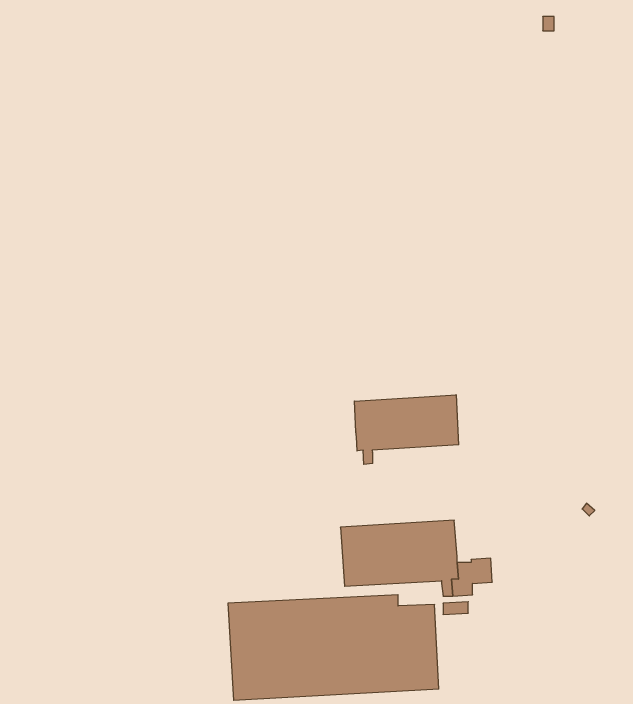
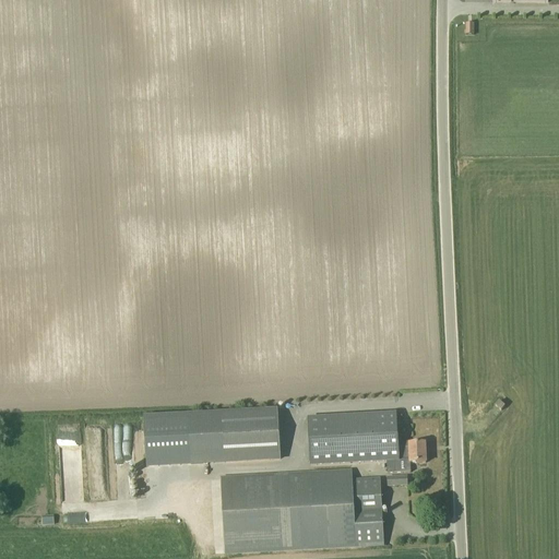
building: [354,395,459,464] -> none
building: none -> [144,406,281,462]

